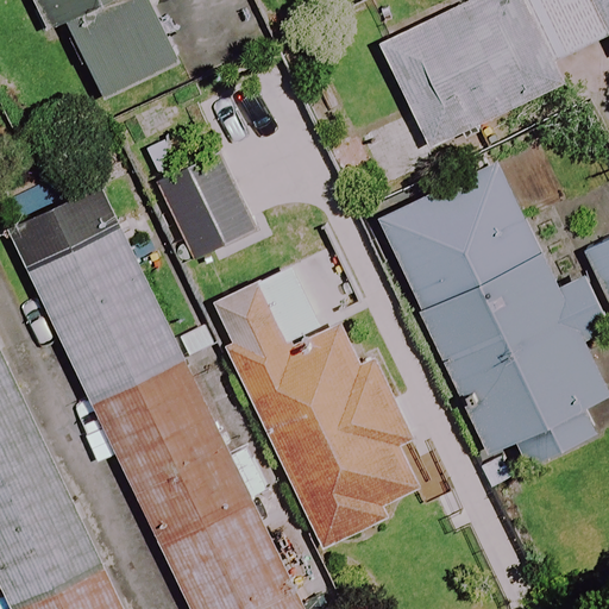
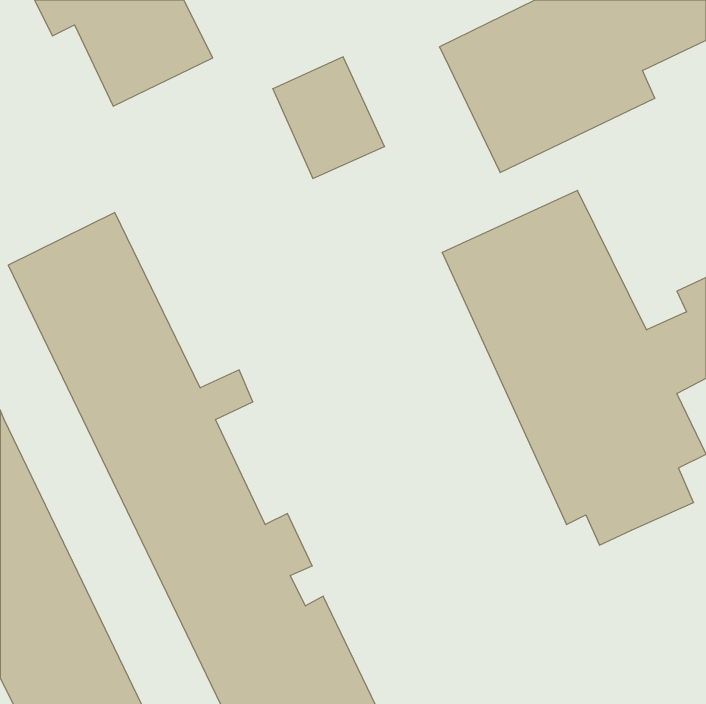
building: [157,155,253,259] -> [273,57,385,178]
building: [218,266,422,548] -> none

